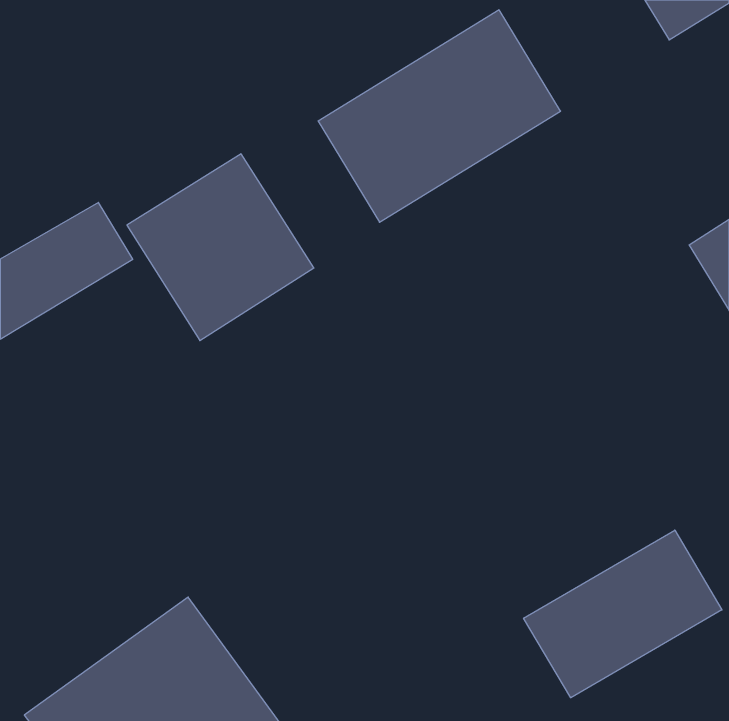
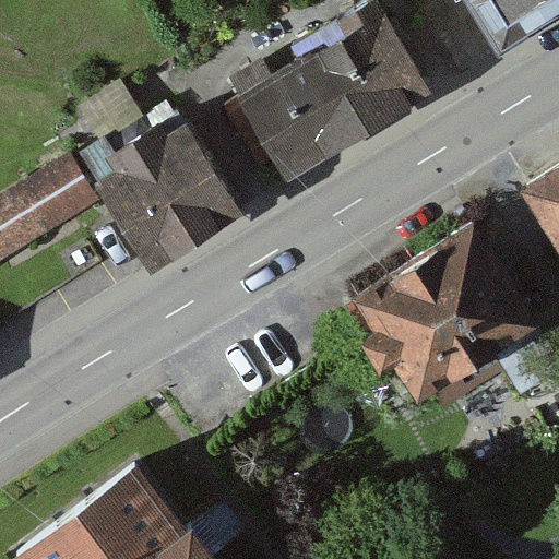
building: none -> [348,224,533,396]
building: [524,530,722,698] -> none

